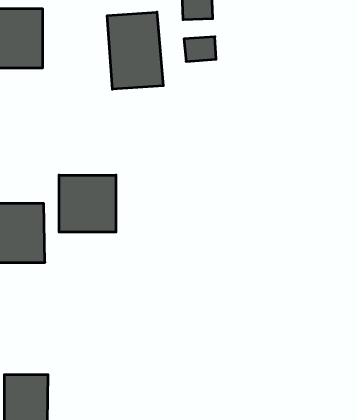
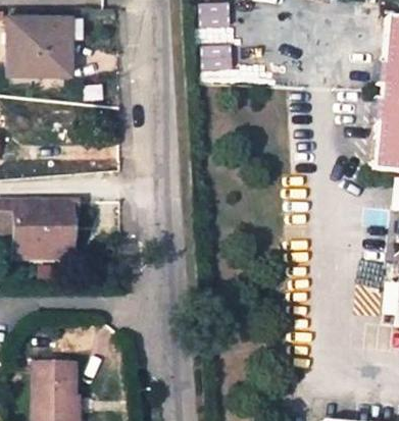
building: [107,12,163,89] -> none
building: [59,175,116,232] -> none

